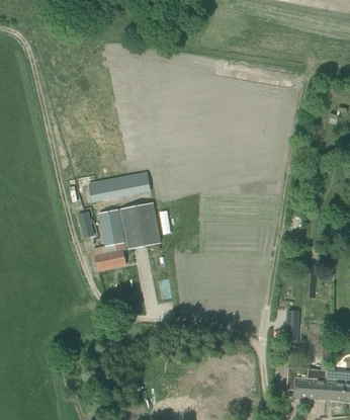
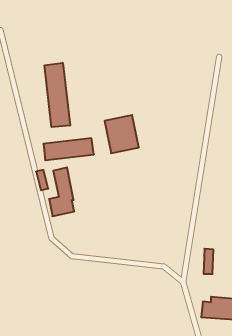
building: none -> [45,63,70,127]
building: [118,202,161,250] -> [105,115,139,153]

